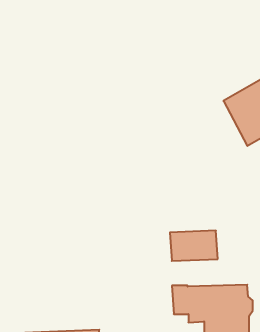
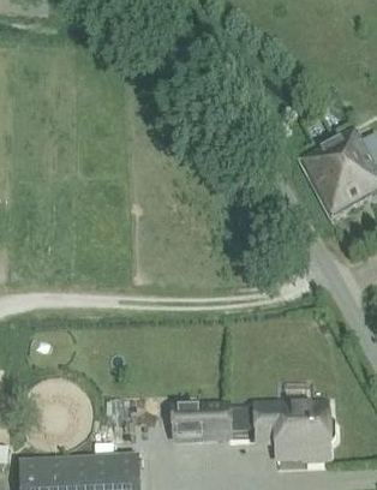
building: [170,231,218,261] -> [173,400,235,440]

